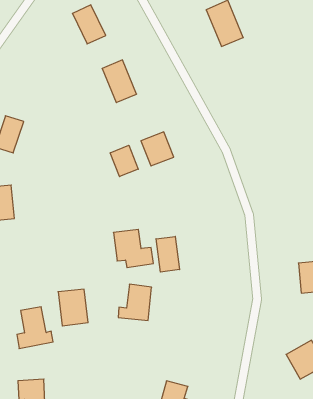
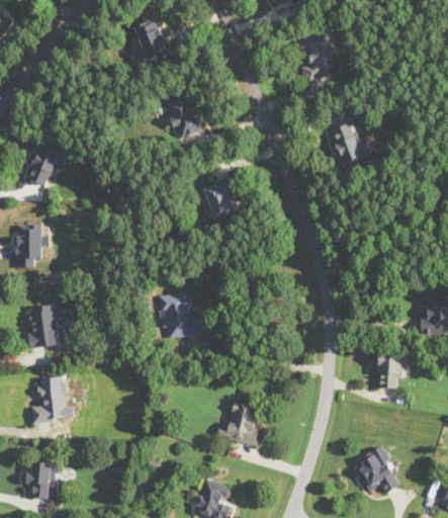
building: none -> [330,122,366,167]
building: [110,145,138,177] -> none
building: [156,236,180,272] -> none
building: [118,284,152,320] -> [216,400,260,445]
building: [58,289,88,326] -> [27,306,60,347]

